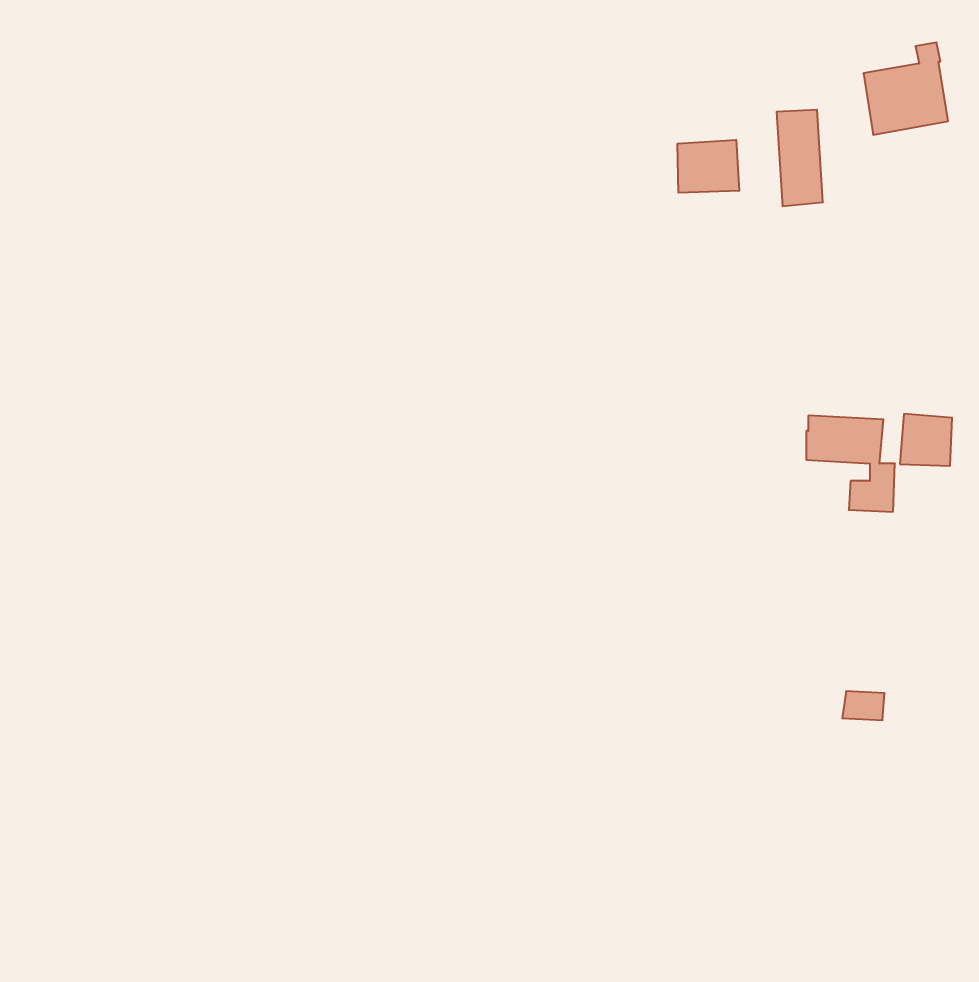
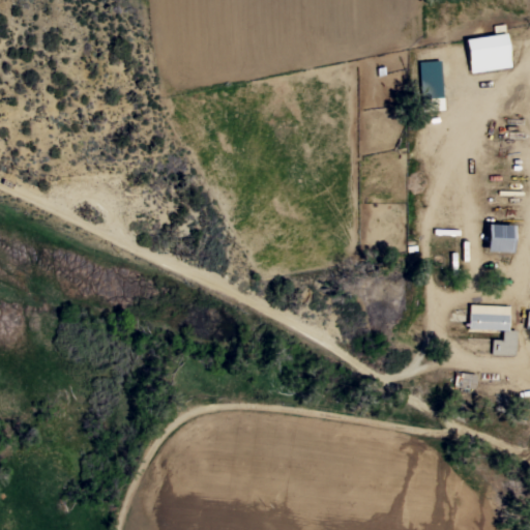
building: [678,140,739,193] -> none
building: [806,416,895,512] -> [470,304,518,356]

